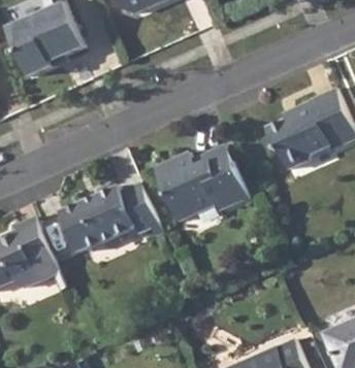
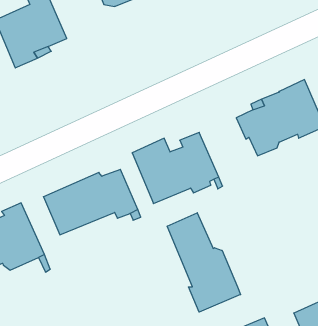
building: none -> [167,213,241,312]

